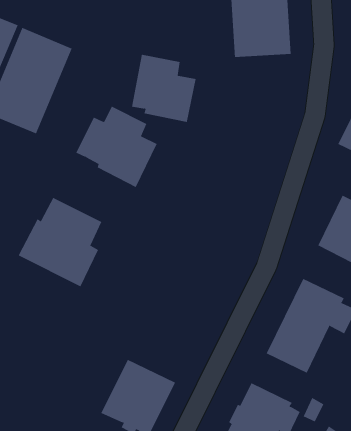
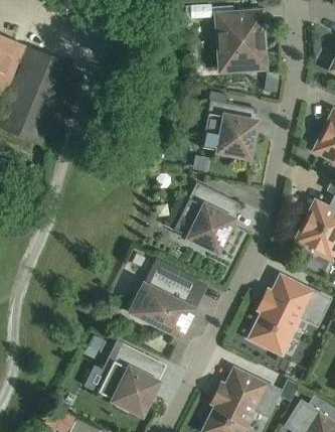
building: [131,54,196,123] -> [201,100,260,161]
building: [75,106,157,188] -> [164,182,237,256]
building: [18,197,102,287] -> [126,260,201,340]

